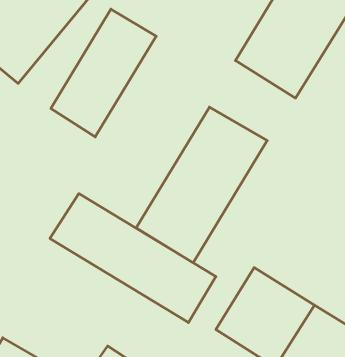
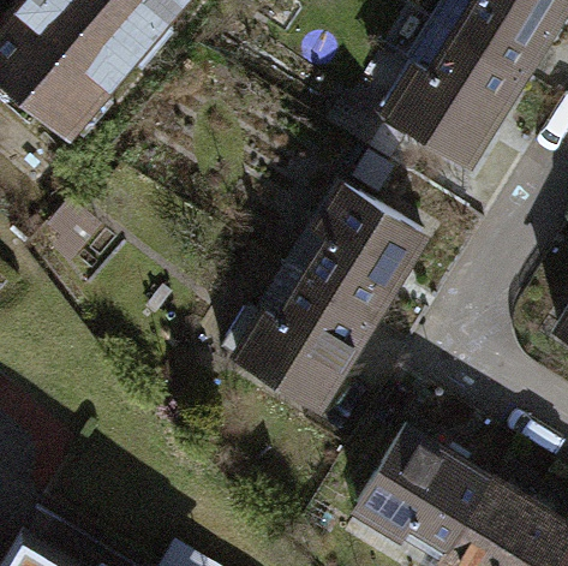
building: [51,9,156,137] -> none
building: [50,194,216,323] -> none

